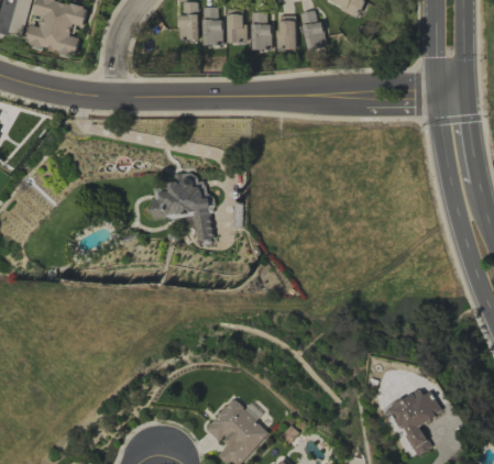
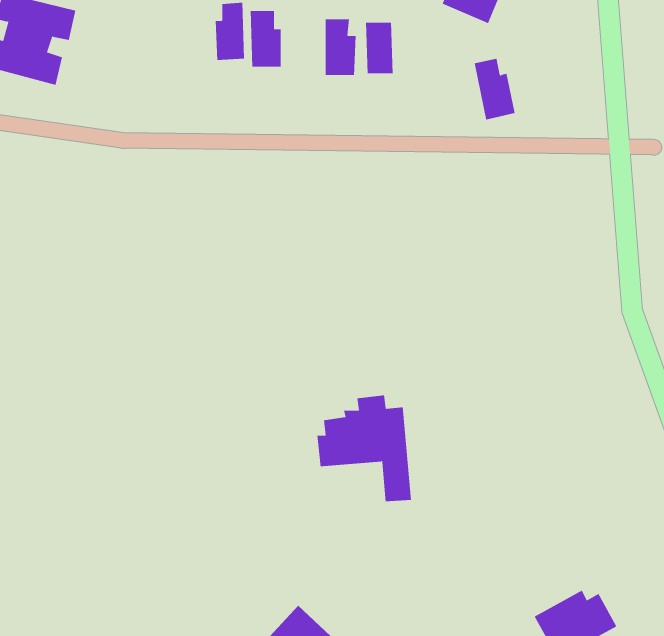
building: [227,10,244,44] -> none
building: [299,11,327,52] -> [474,58,516,120]
building: [150,173,212,243] -> [317,395,412,502]

